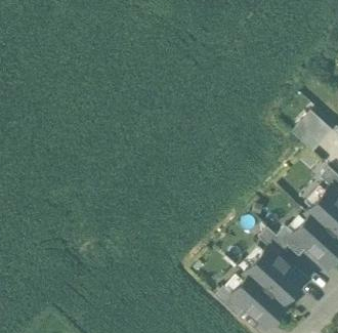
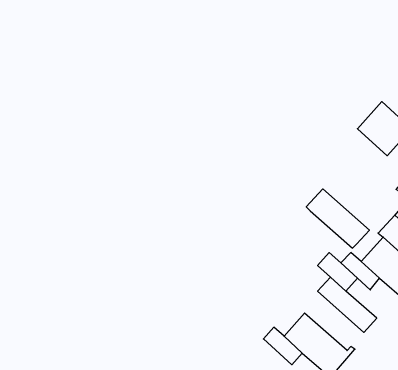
building: [245,258,295,305] -> [306,189,369,248]

